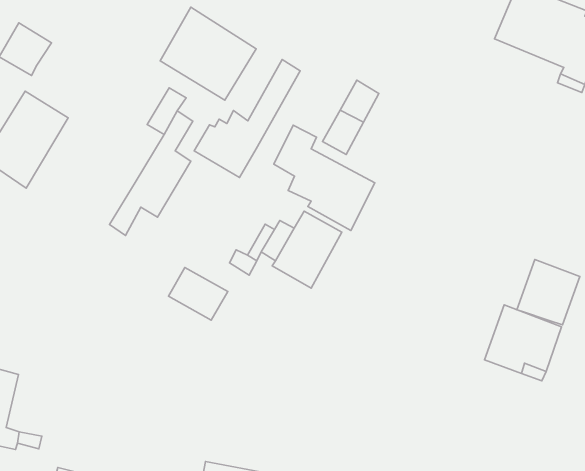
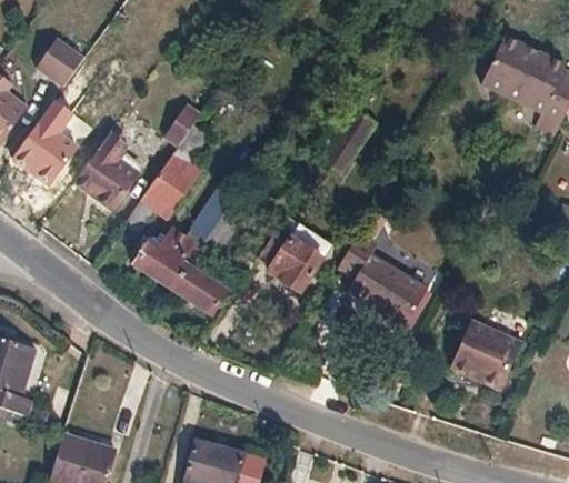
building: [160,7,256,100] -> none
building: [194,60,300,177] -> [133,188,233,290]
building: none -> [74,132,140,208]
building: [274,125,375,231] -> [337,233,426,331]
building: [517,259,580,325] -> none

